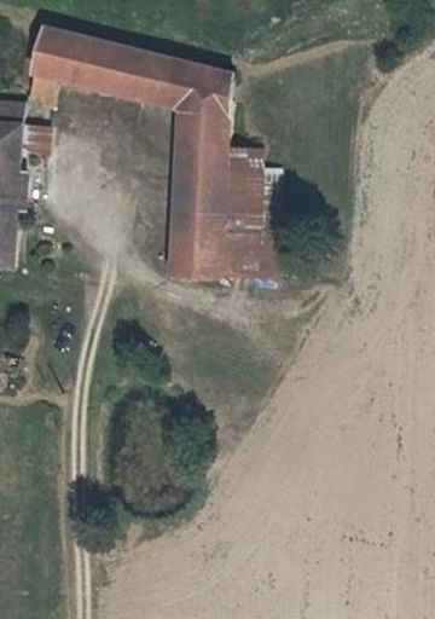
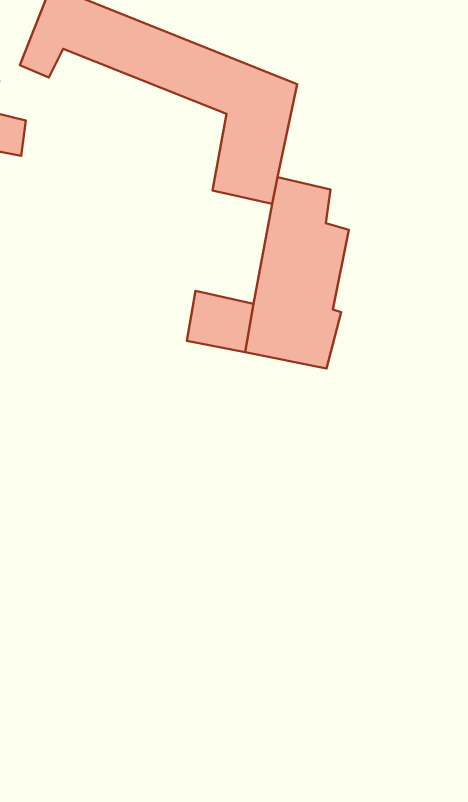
building: [172,160,218,236] -> none

